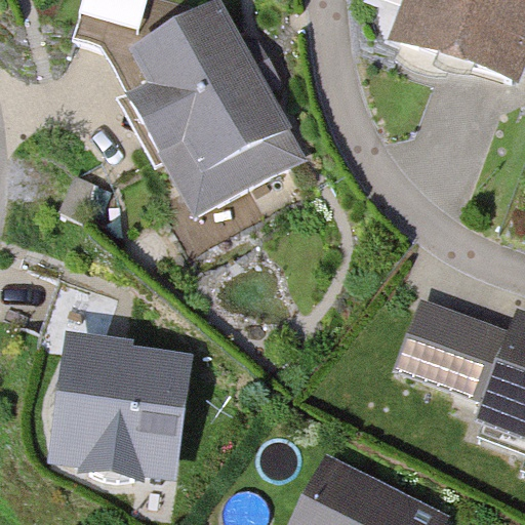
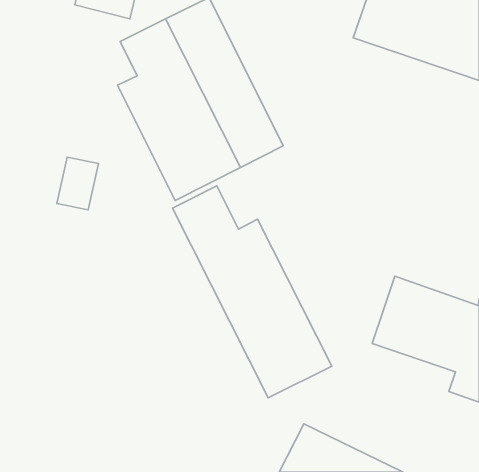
building: none -> [173,186,332,398]
building: [45,345,194,478] -> none

